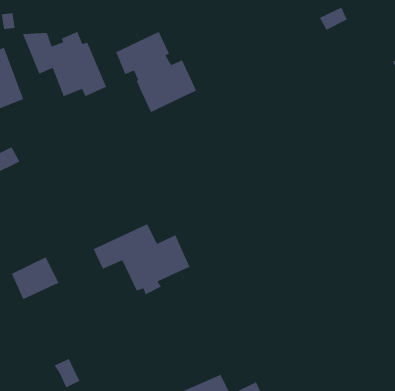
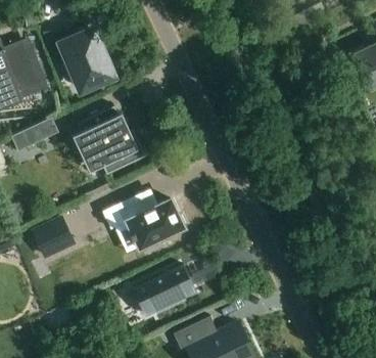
building: [115,31,197,113] -> [78,106,146,175]
building: none -> [133,266,196,316]

